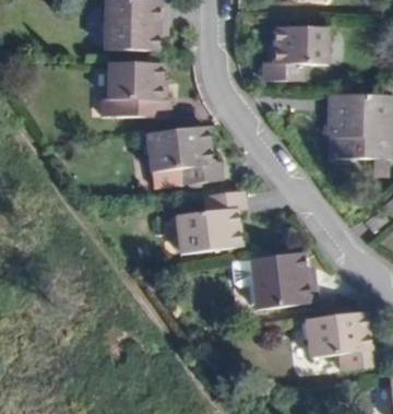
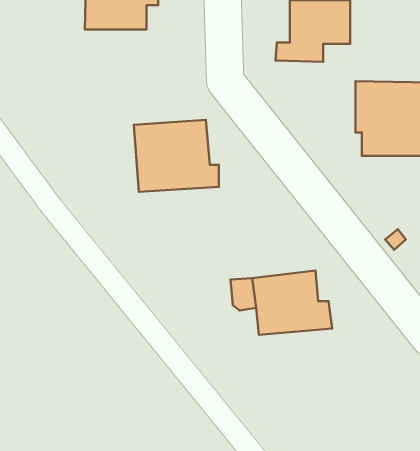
building: [105,62,167,116] -> none
building: [169,190,239,253] -> none
building: [306,315,380,372] -> none

